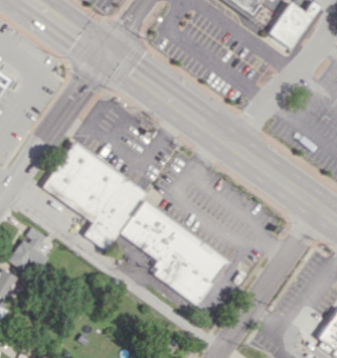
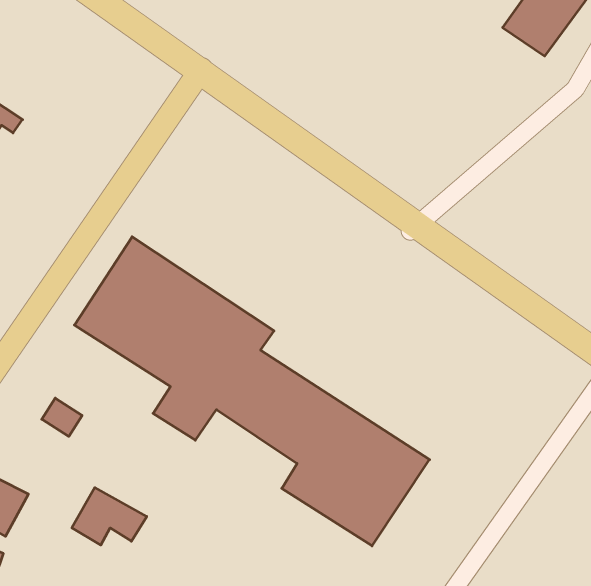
building: [9,240,48,271] -> [72,488,147,545]

